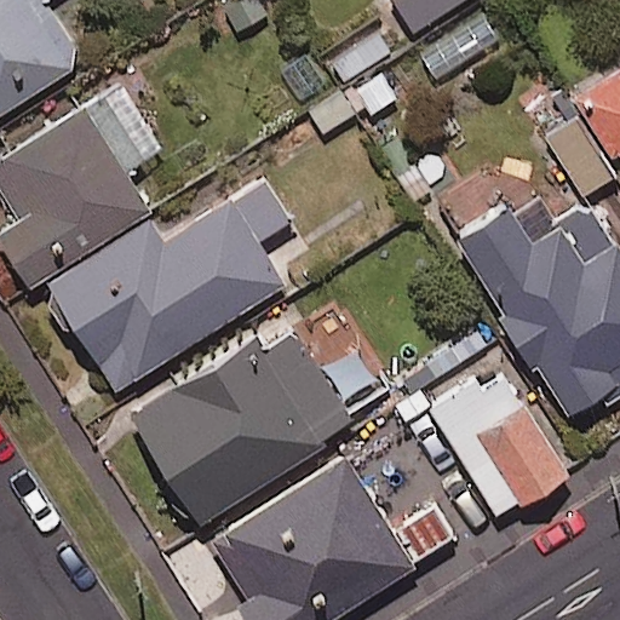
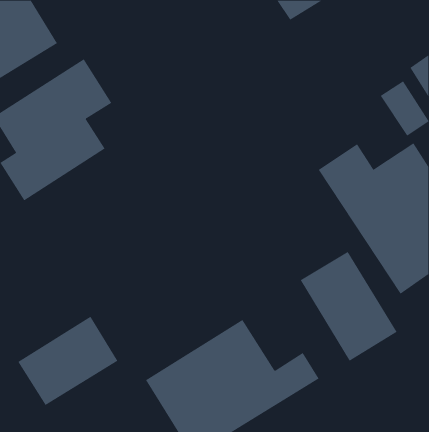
building: [51,179,289,390] -> none
building: [133,329,355,523] -> none
building: none -> [18,316,118,406]

